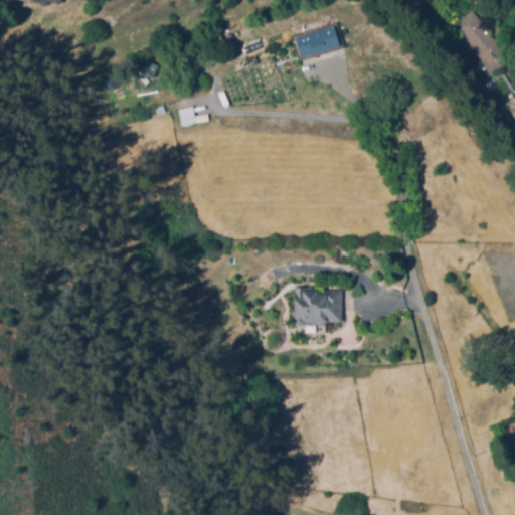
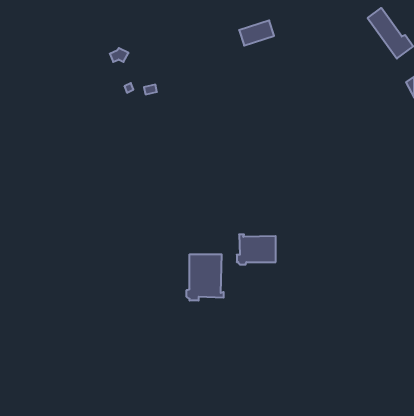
building: none -> [187,254,224,301]

